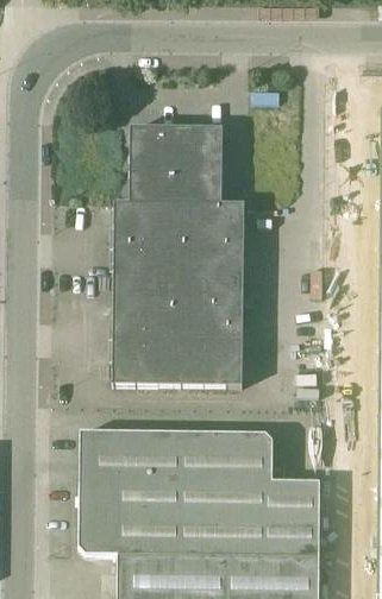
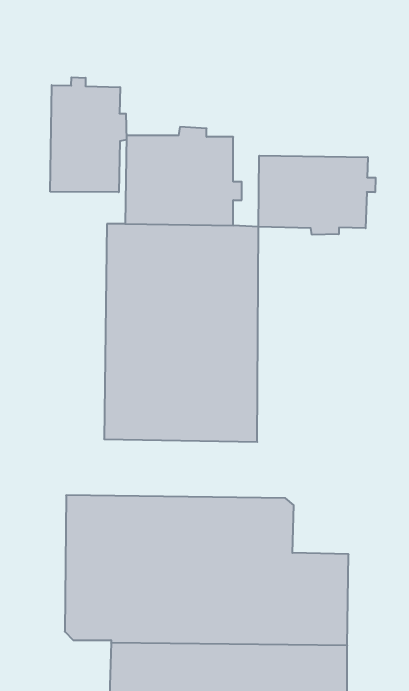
building: none -> [50,77,126,192]
building: none -> [259,156,376,235]

